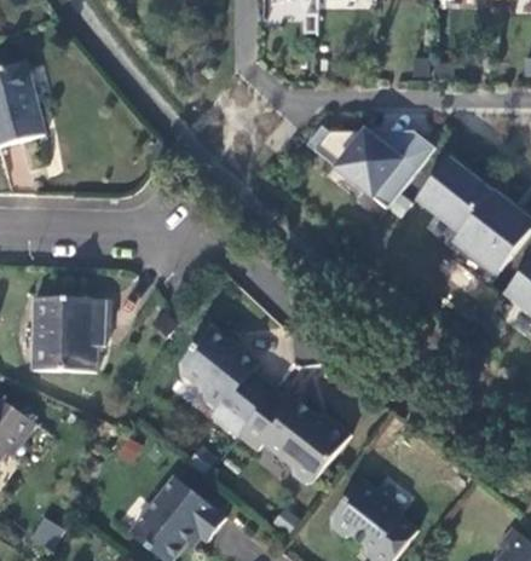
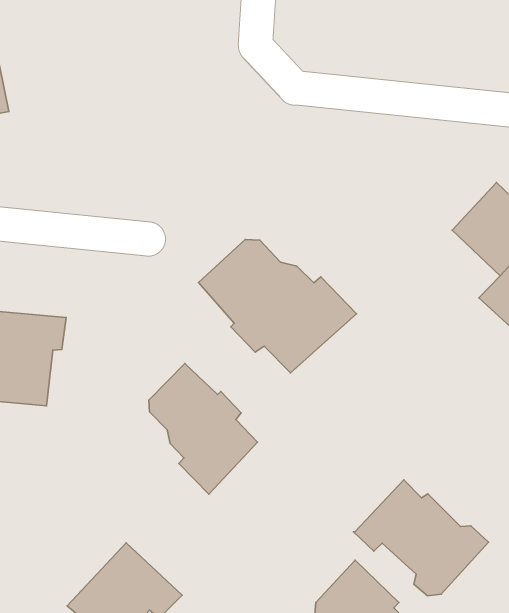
building: [312,128,434,203] -> none
building: none -> [198,240,357,373]
building: [236,386,347,479] -> [353,480,489,596]

